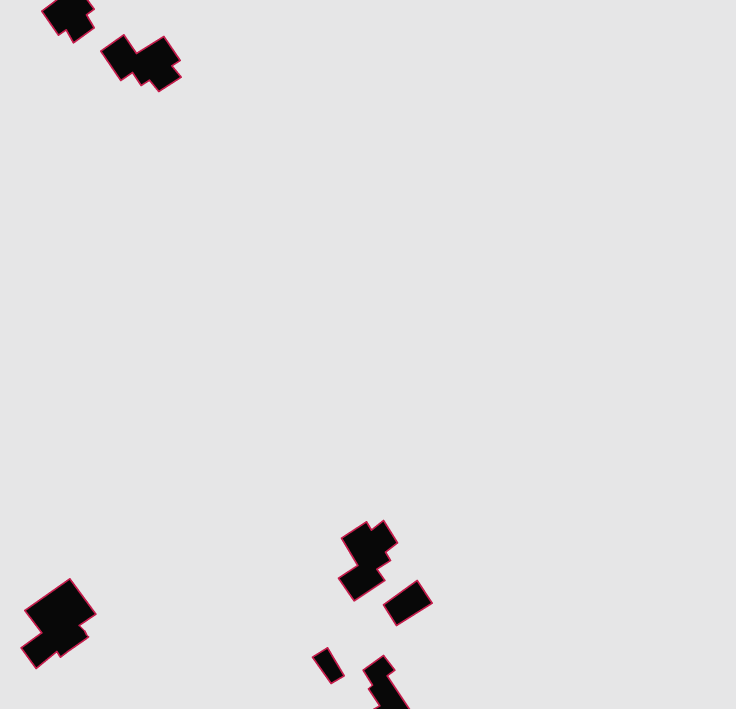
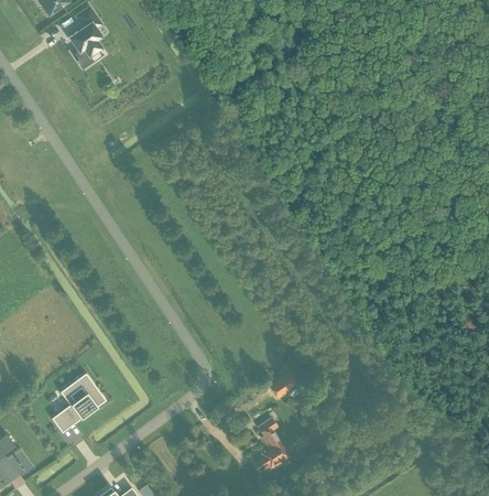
building: [101,35,181,92] -> none
building: [339,521,397,601] -> none

